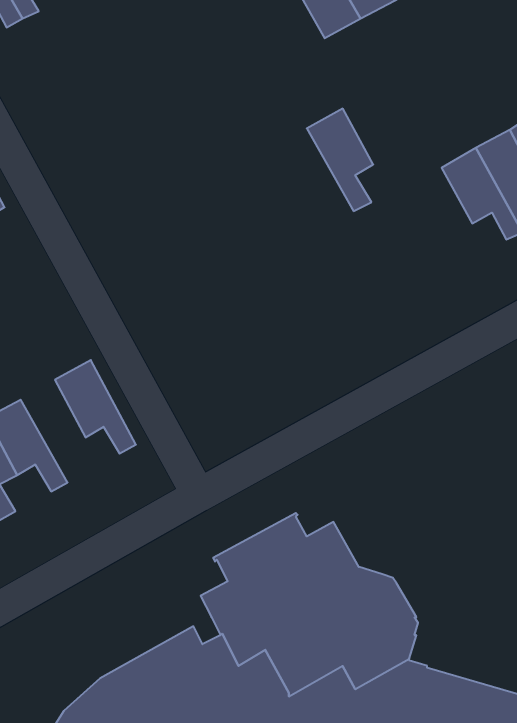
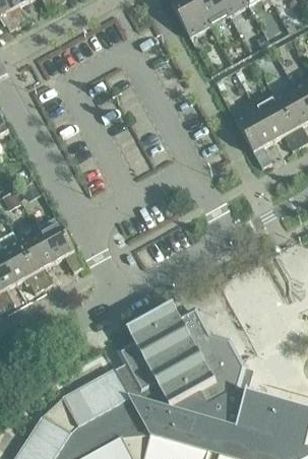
building: [307,109,373,211] -> [236,109,273,167]
building: none -> [18,228,55,286]

